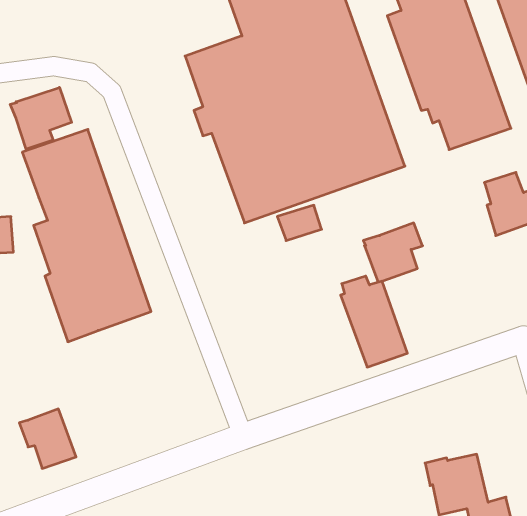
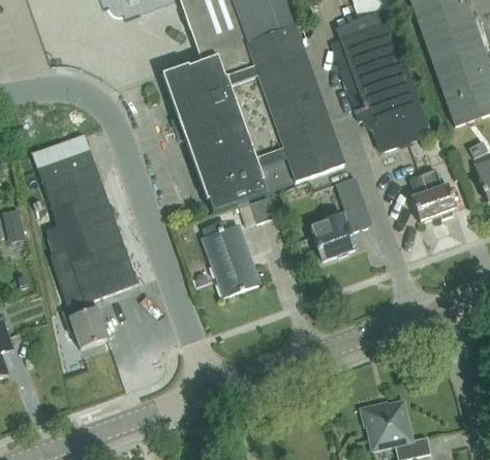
building: [10,87,72,149] -> none
building: none -> [334,177,364,213]
building: [341,276,407,367] -> [203,220,257,295]
building: [19,409,76,468] -> [61,299,108,347]

